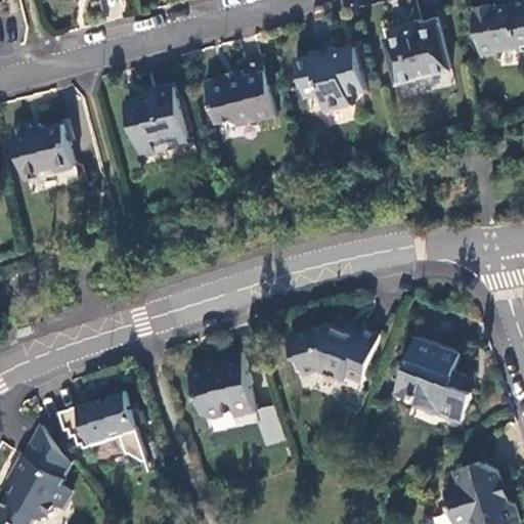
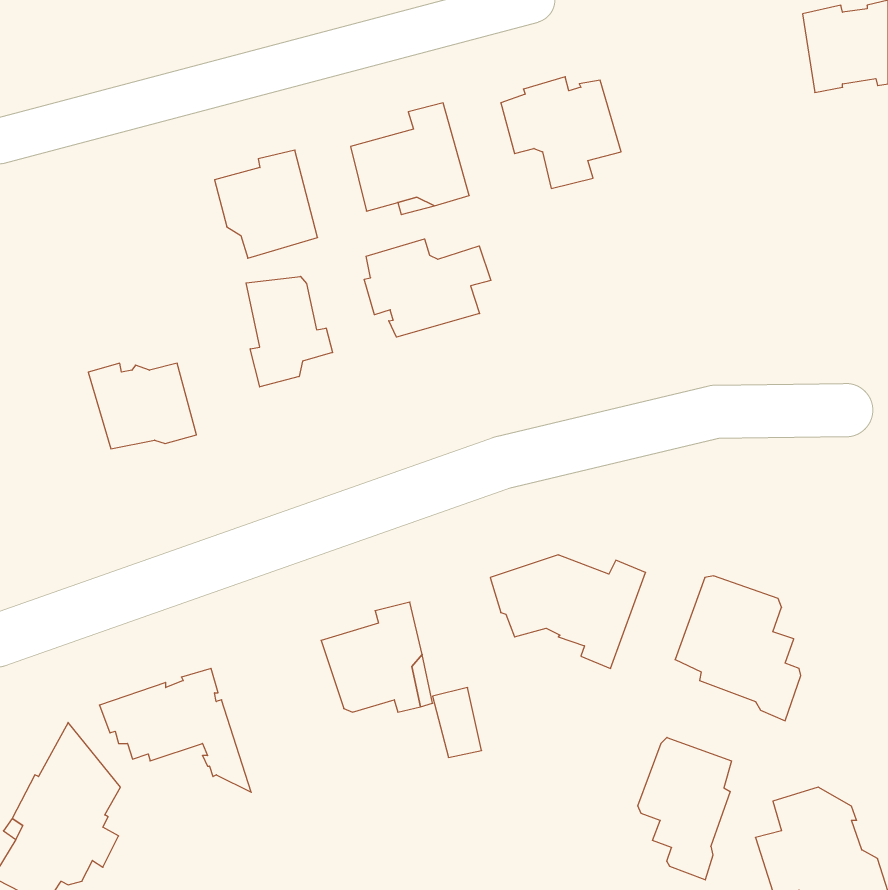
building: [383,27,449,84] -> none
building: [10,124,74,174] -> [88,363,196,449]
building: none -> [364,239,491,337]
building: none -> [246,276,333,387]
building: none -> [638,737,732,880]

